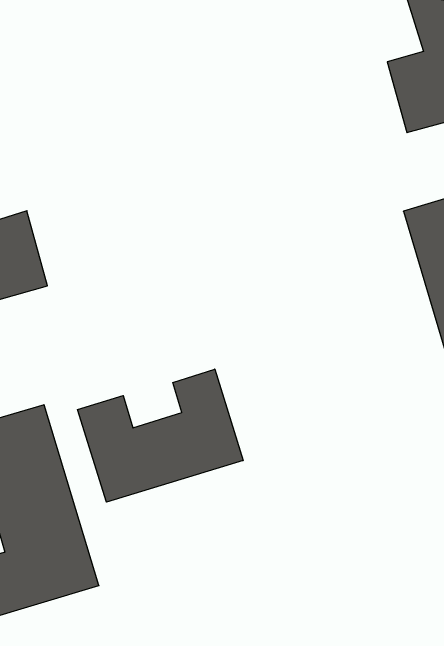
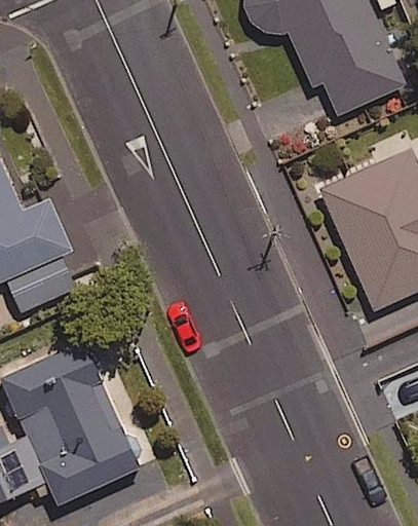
building: [78,369,243,502] -> none

